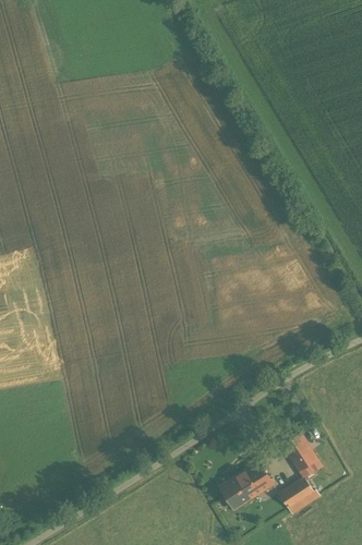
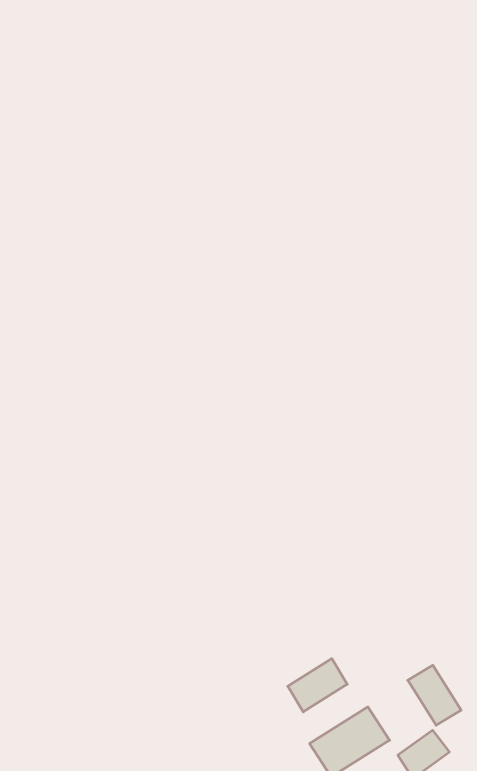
building: none -> [288,659,347,712]

